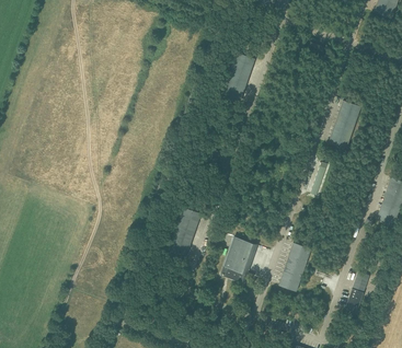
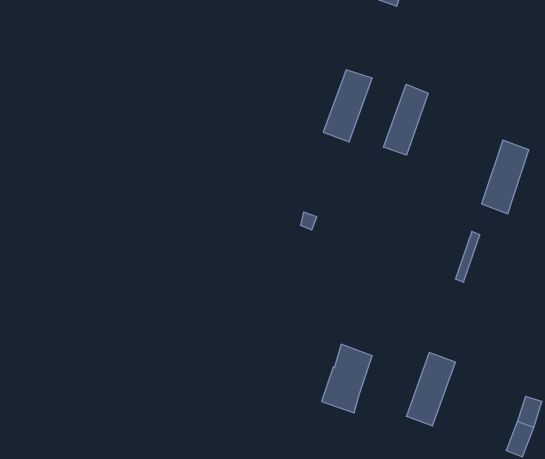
building: none -> [384,84,428,155]
building: [169,207,200,255] -> none

